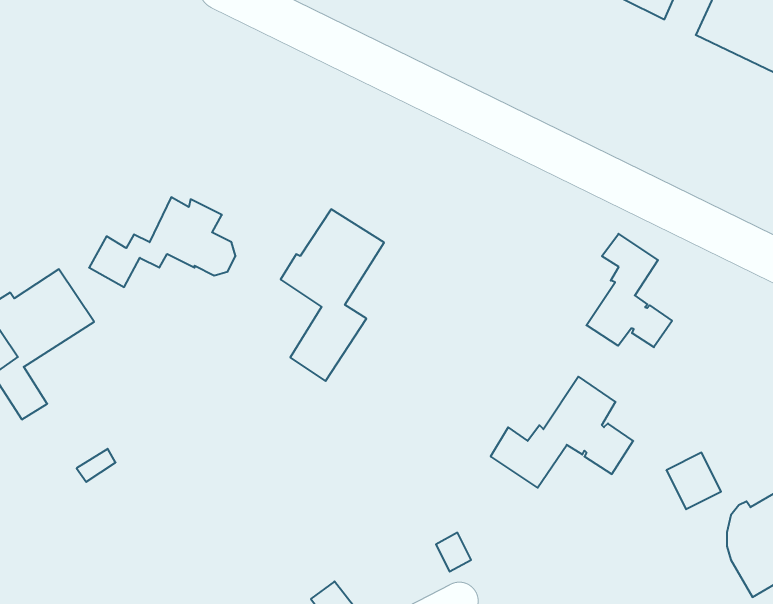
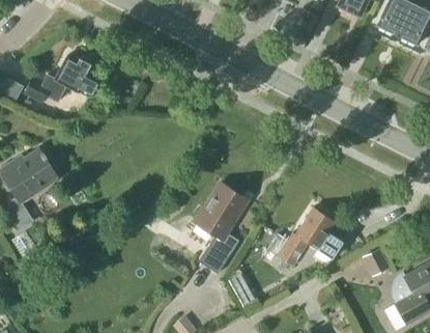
building: [89,197,236,287] -> [23,55,101,103]
building: [281,209,384,381] -> [193,183,248,274]
building: [586,234,672,347] -> none

